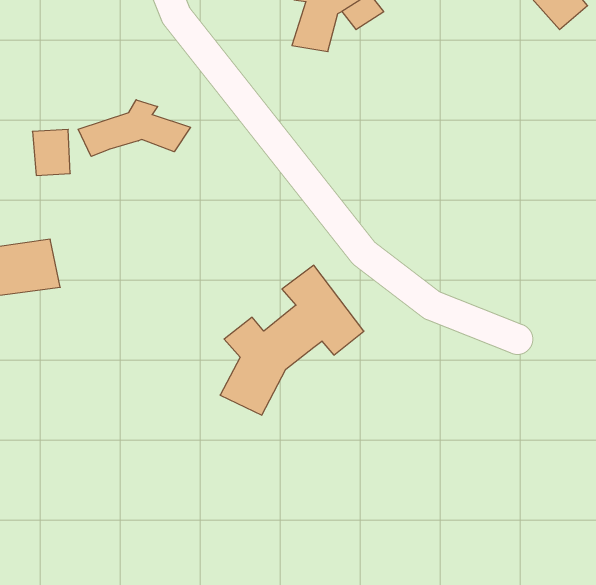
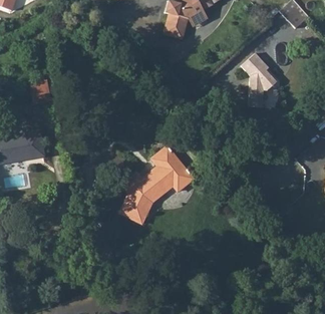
building: none -> [242,51,276,106]
building: [78,100,191,156] -> none

